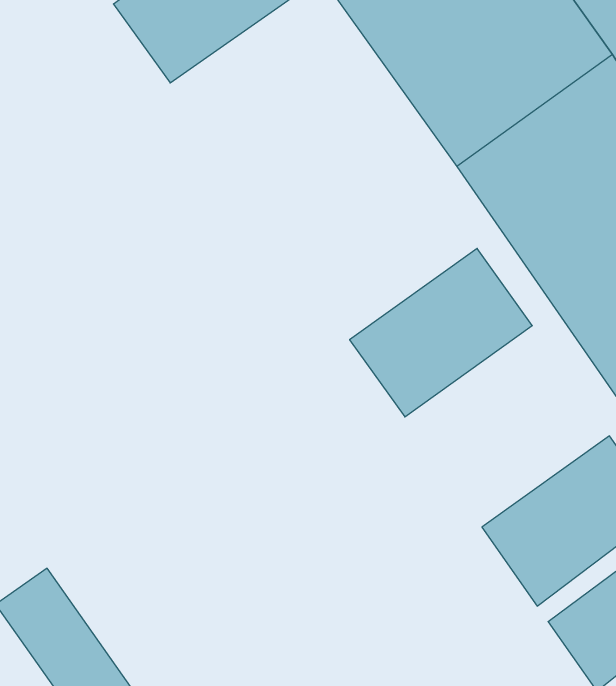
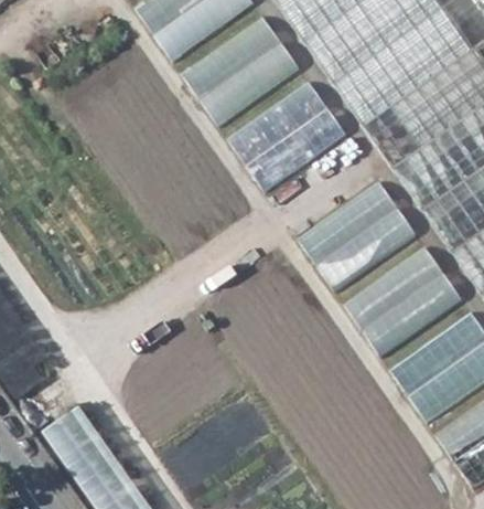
building: none -> [175,12,303,130]
building: none -> [224,79,351,199]
building: none -> [340,244,469,363]

